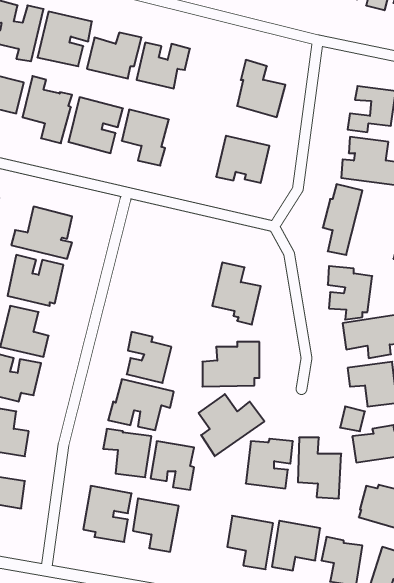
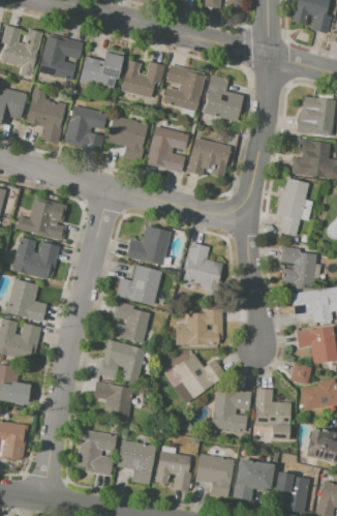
building: none -> [162,64,206,111]
building: none -> [146,126,188,173]
building: none -> [126,225,171,265]
building: none -> [115,265,161,305]
building: [151,441,194,490] -> [154,451,190,491]

